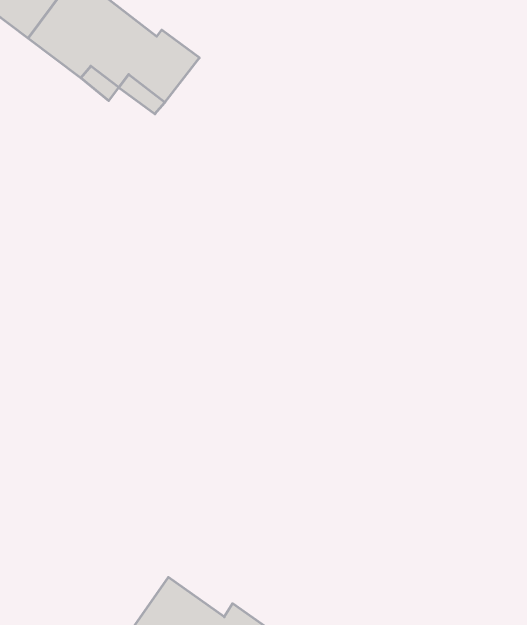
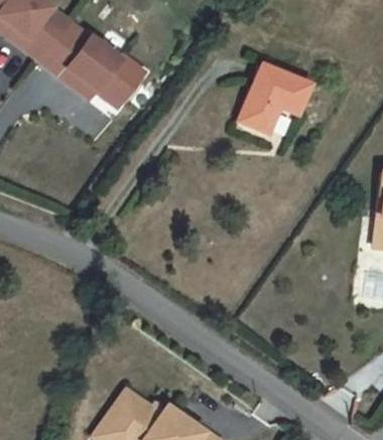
building: none -> [240,63,312,134]

